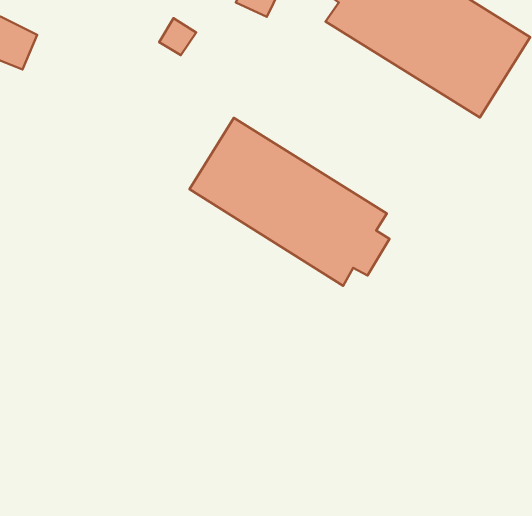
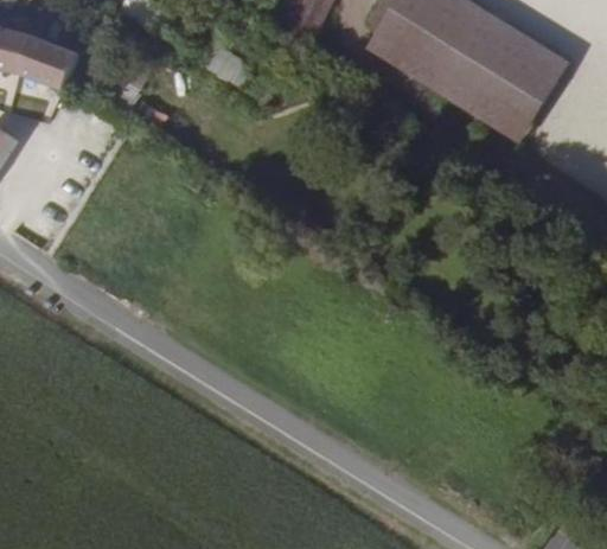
building: [190,118,390,286] -> none

